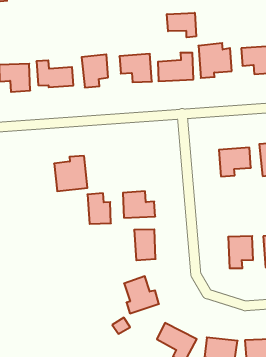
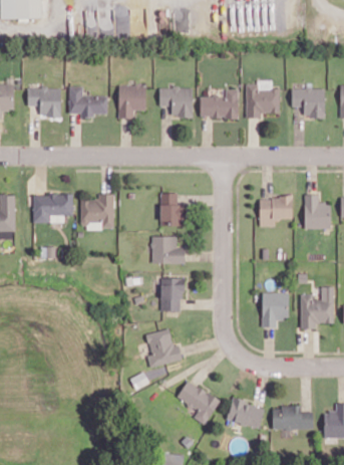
building: [167,13,196,37] -> none
building: none -> [33,194,73,223]
building: [87,193,111,224] -> [160,193,185,226]

